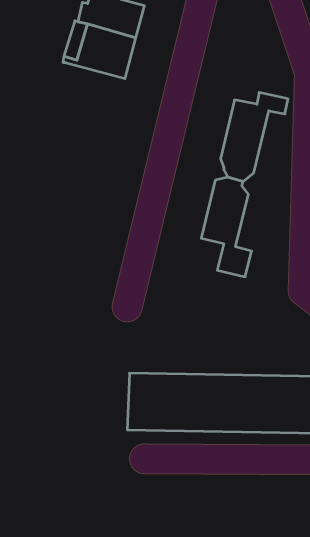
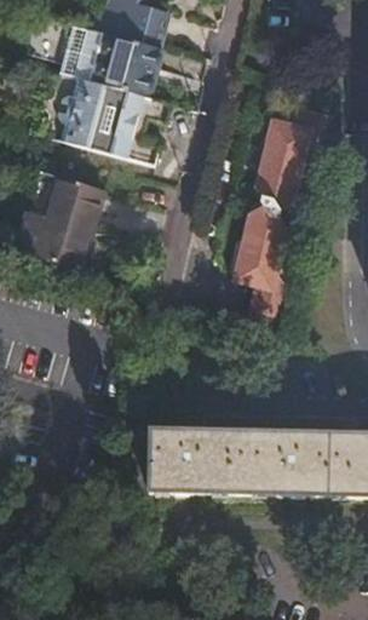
building: none -> [59,75,174,163]
building: none -> [18,170,105,270]

